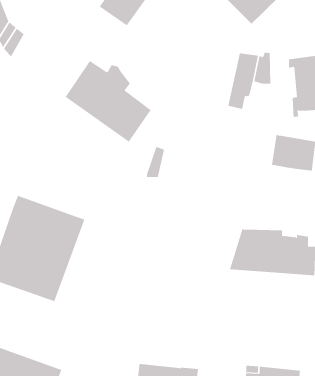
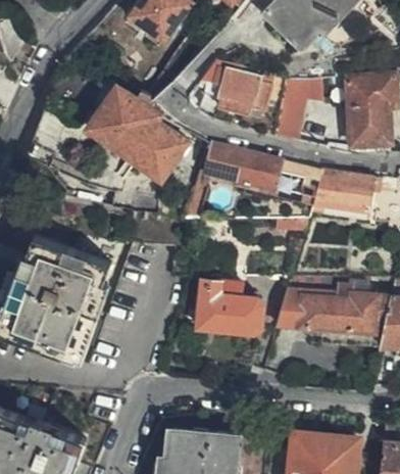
building: none -> [204,61,270,114]
building: none -> [205,142,321,196]
building: none -> [198,280,263,331]

